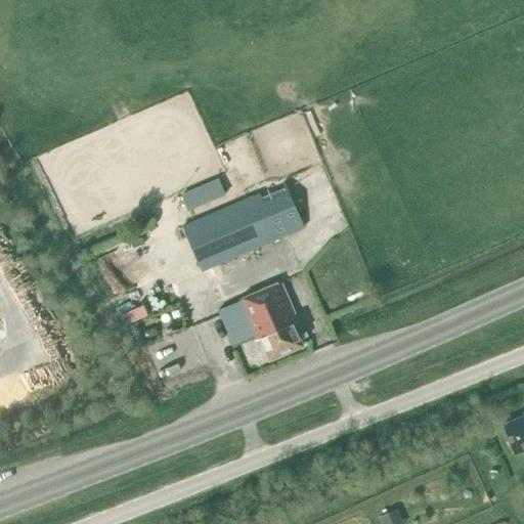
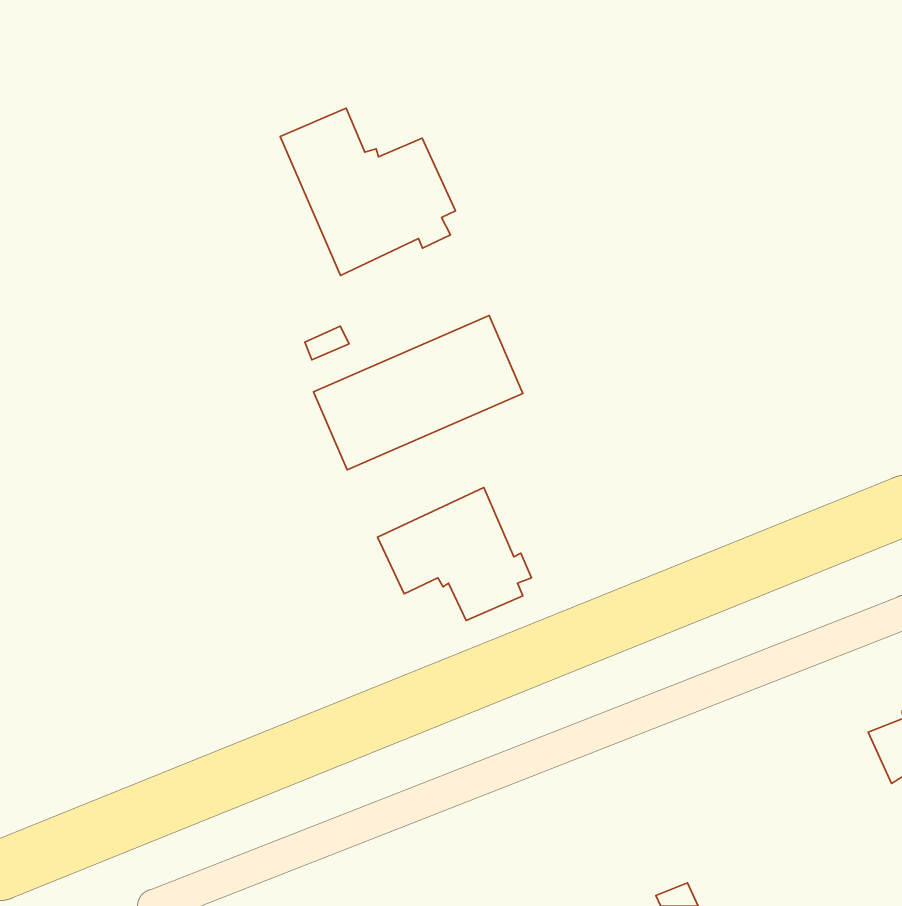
building: none -> [280,108,455,275]

